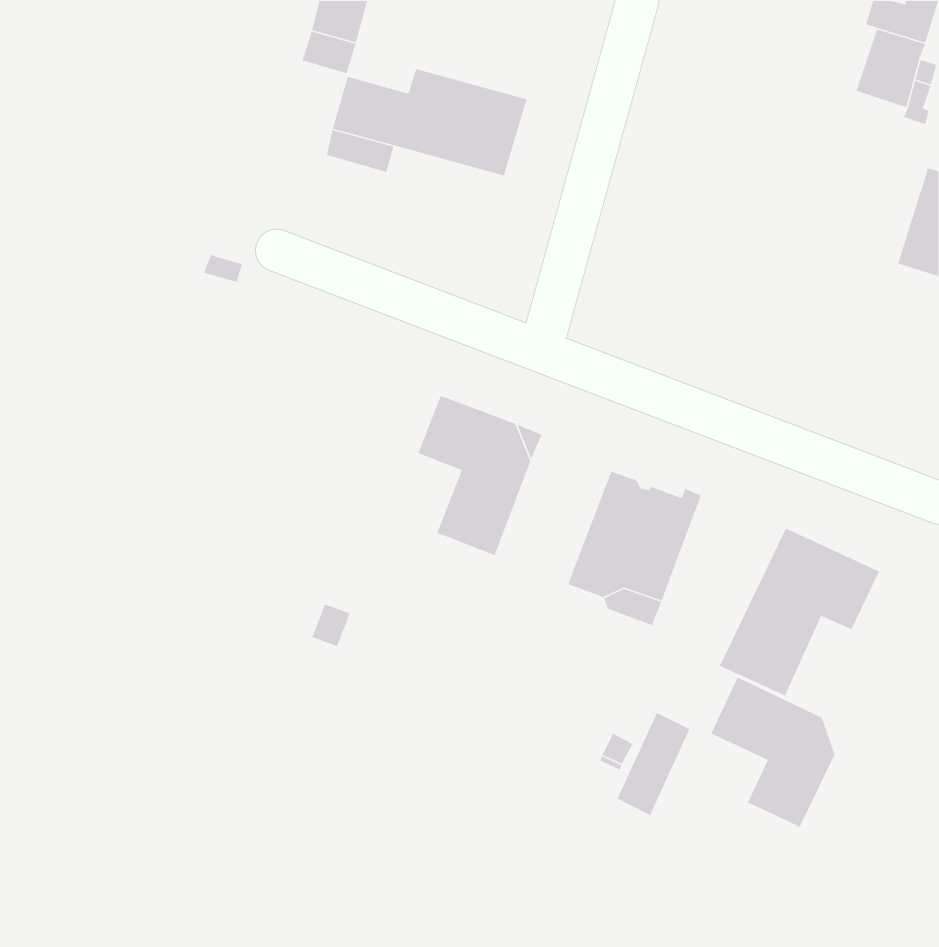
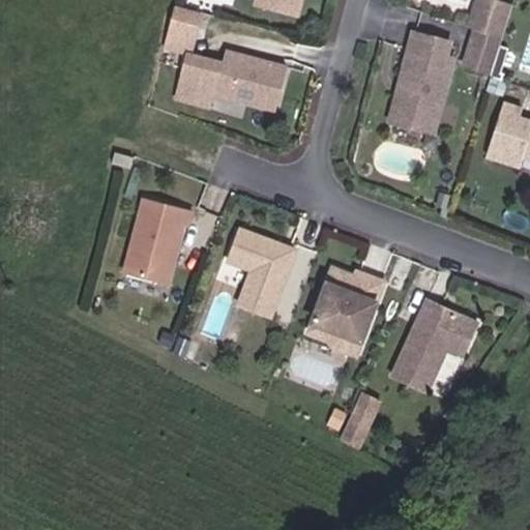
building: none -> [395,31,455,131]
building: none -> [123,197,190,284]
building: [710,676,836,828] -> none

